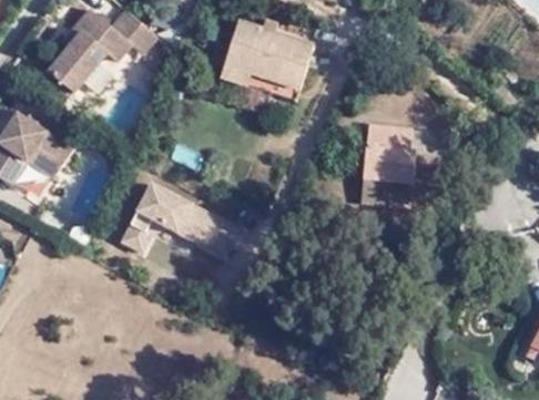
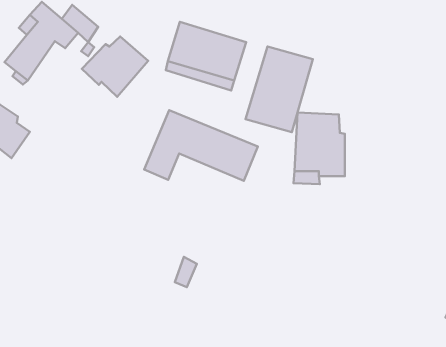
building: none -> [82,37,148,97]
building: none -> [246,47,313,132]
building: [118,178,243,256] -> [144,110,258,181]

